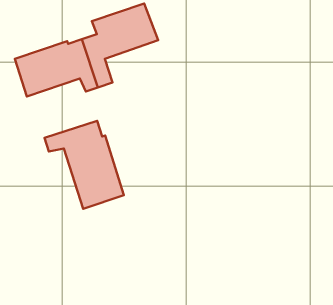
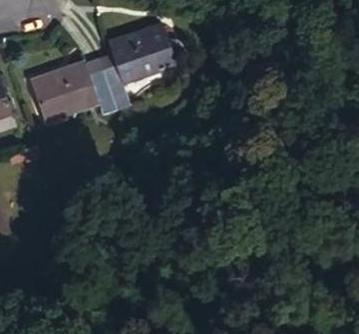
building: [44,121,124,209] -> none

